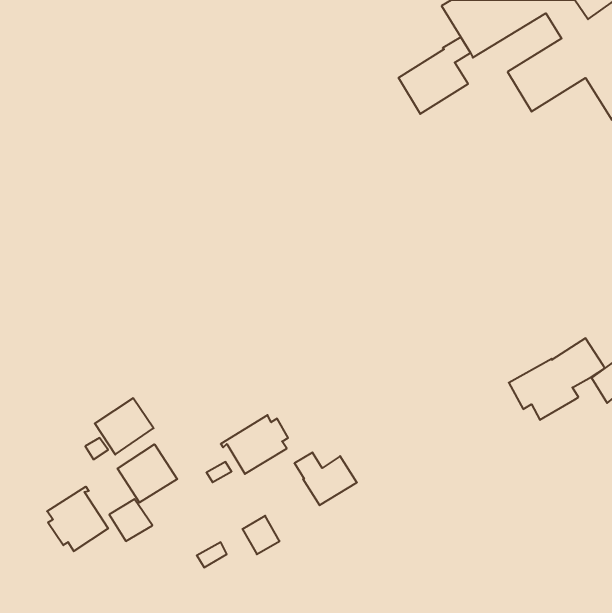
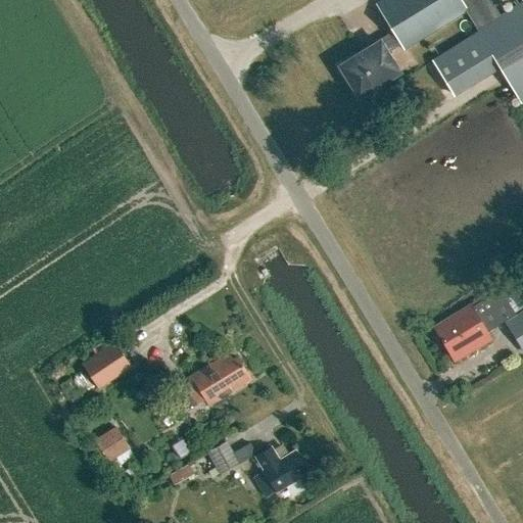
building: [118,444,177,503] -> none
building: [294,452,357,505] -> [256,446,310,491]
building: [47,487,108,551] -> none

